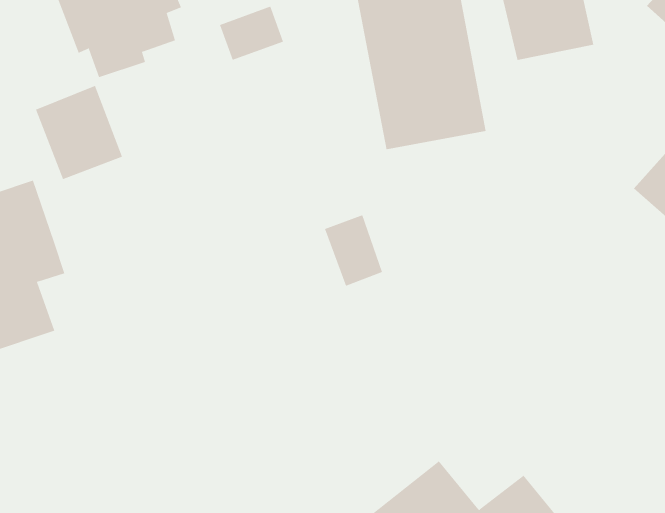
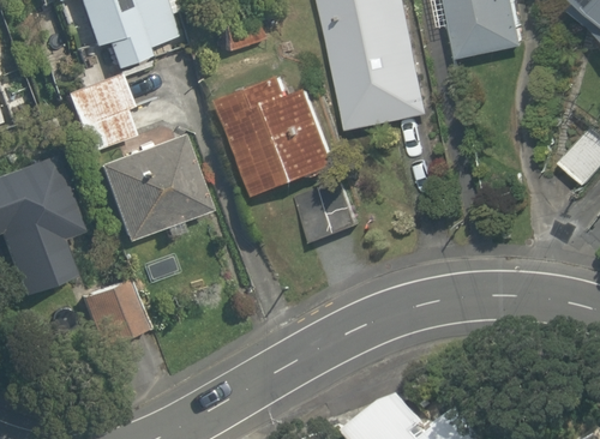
building: none -> [214,58,341,199]
building: none -> [94,136,204,241]
building: none -> [77,272,151,349]

